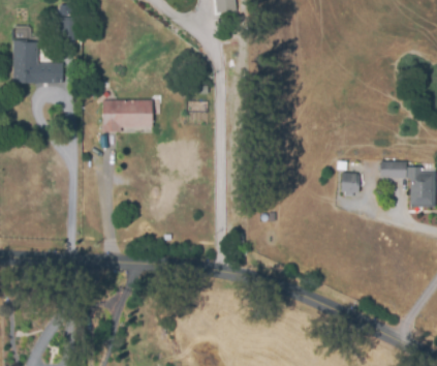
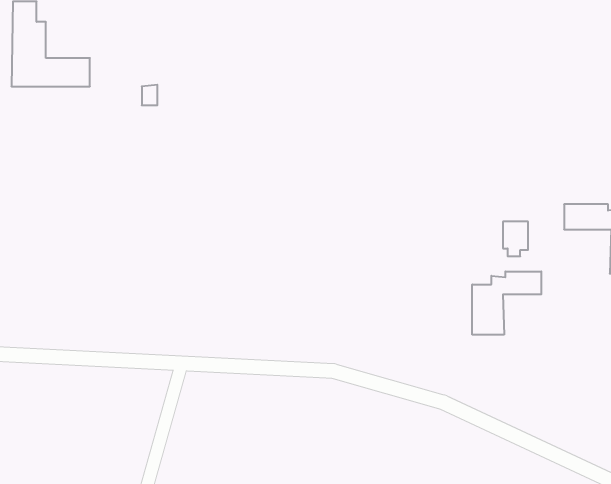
building: [102,100,151,133] -> none
building: none -> [472,271,541,335]

